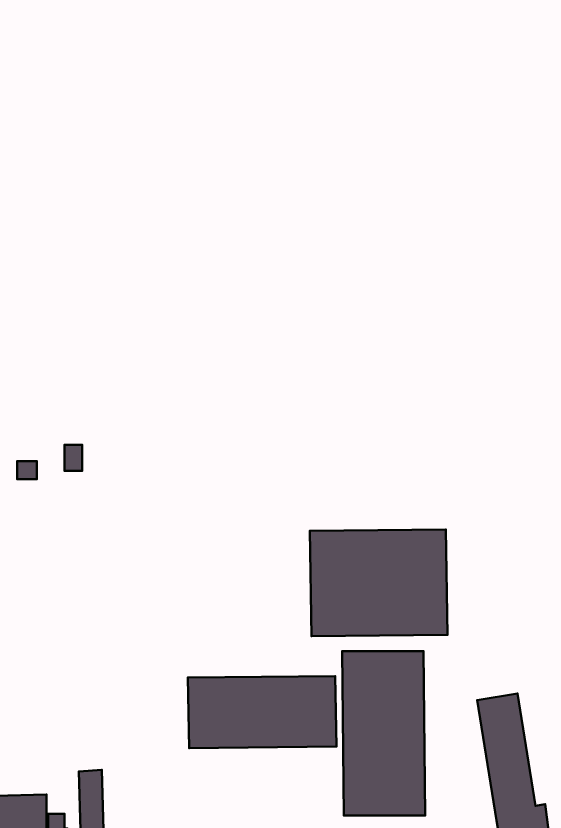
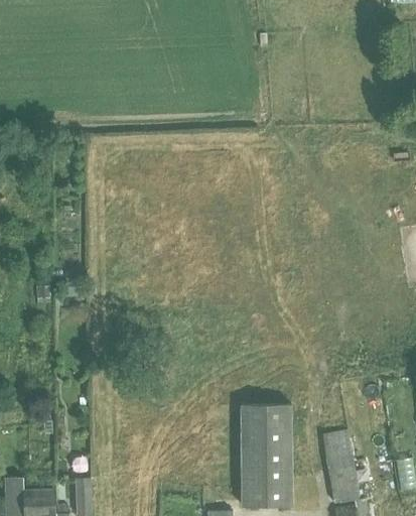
building: [310,529,447,636] -> none
building: [188,676,336,748] -> none

